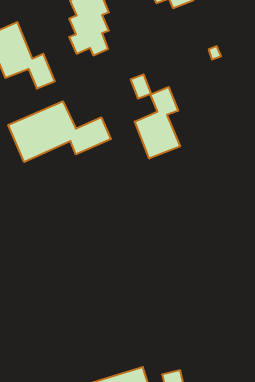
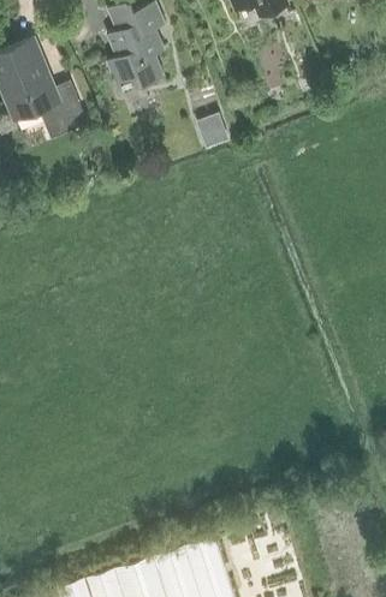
building: [135,87,180,159] -> none
building: [8,101,111,162] -> none

